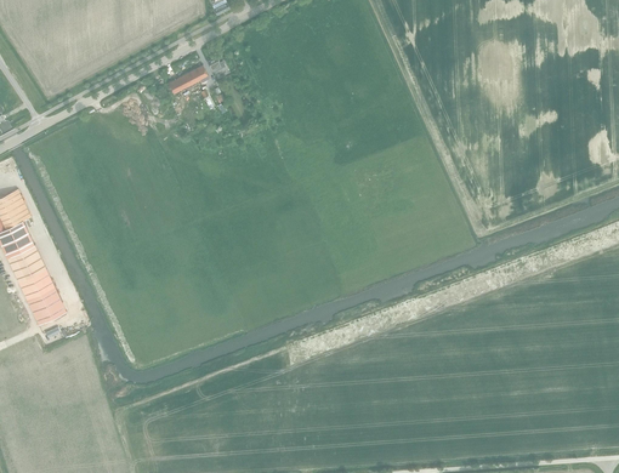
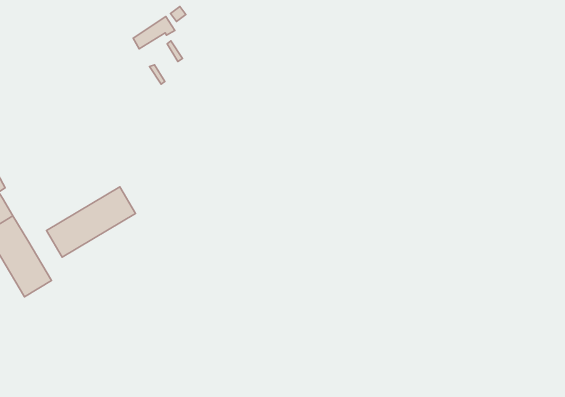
building: none -> [46,187,135,257]

